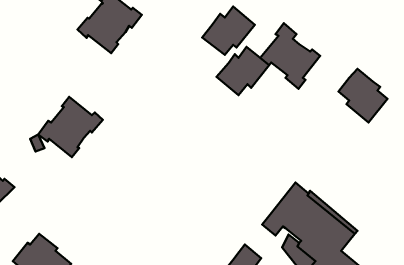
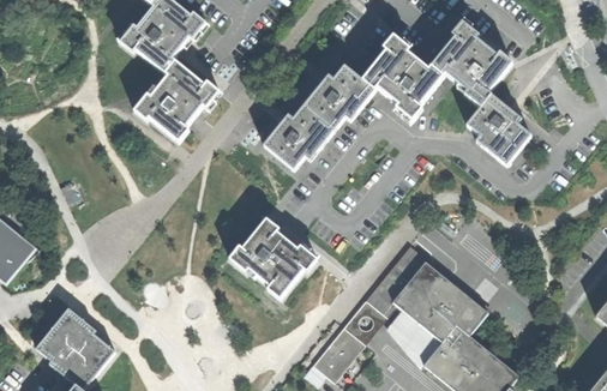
building: [202,7,255,55] -> [264,103,333,167]
building: none -> [431,19,511,104]
building: [38,97,103,157] -> [134,60,220,139]
building: none -> [229,217,317,297]
building: none -> [342,297,396,342]

